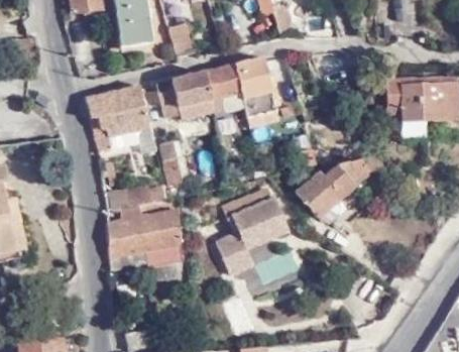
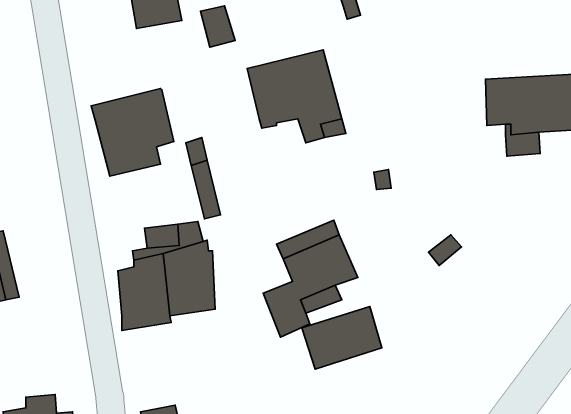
building: [155,72,213,118] -> none
building: [296,154,384,216] -> none

